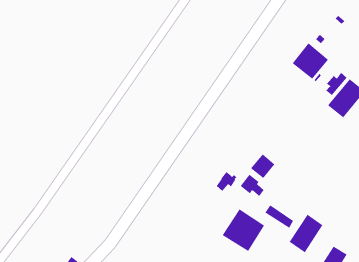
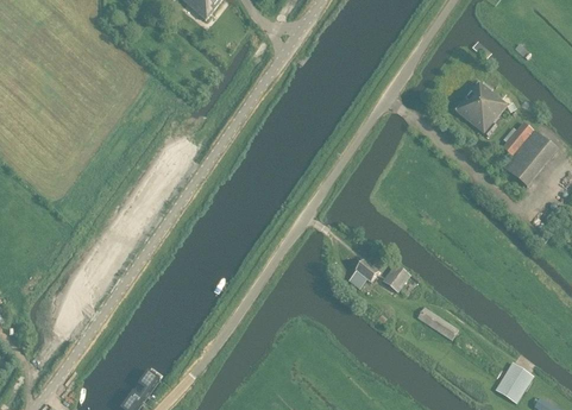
building: [250,154,275,179] -> none
building: [222,208,265,252] -> none
building: [289,214,323,253] -> none

